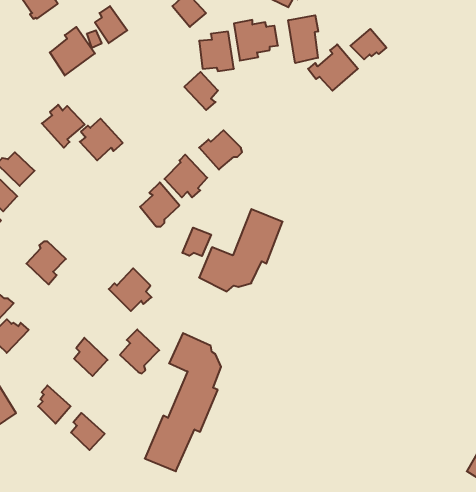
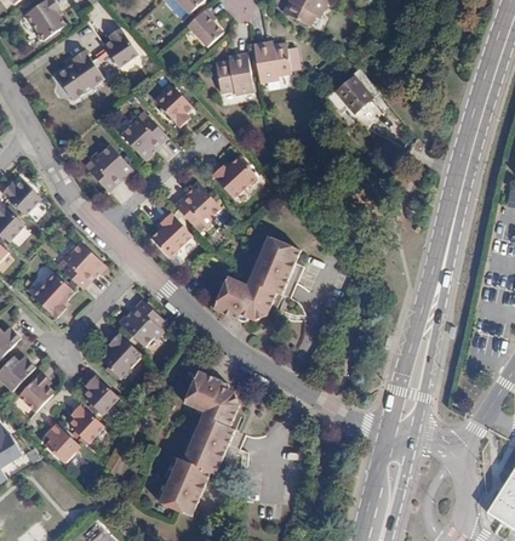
building: [288,15,318,63] -> none
building: [350,29,386,59] -> none
building: [184,72,218,110] -> [158,86,193,126]
building: [42,105,85,148] -> [121,114,166,159]
building: none -> [61,243,104,285]
building: [182,228,211,256] -> none
building: [120,329,159,373] -> [101,332,142,378]
building: none -> [18,371,53,410]
building: [71,413,105,450] -> [68,403,103,442]

